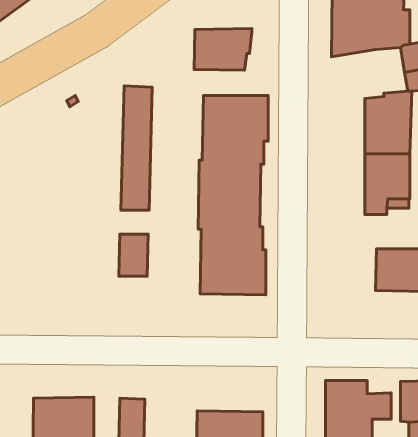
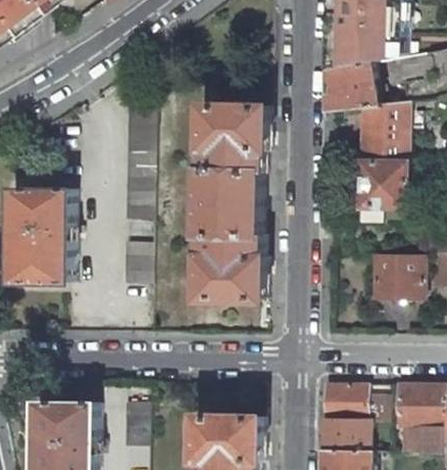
building: [194,28,252,70] -> none
building: none -> [327,60,378,111]
building: none -> [9,188,69,282]

